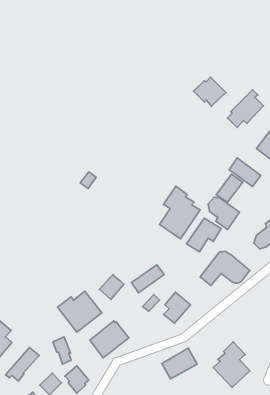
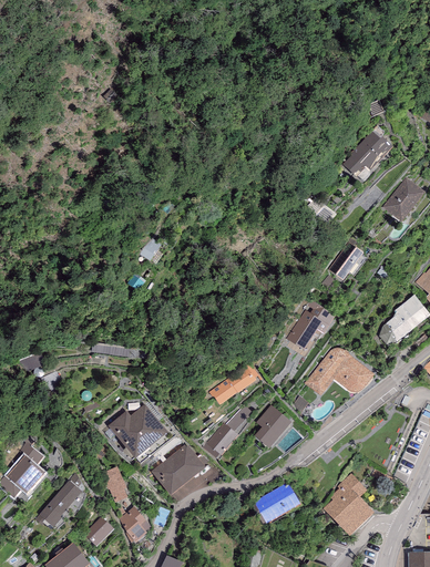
building: [193,77,226,106] -> none
building: [229,158,261,187] -> none
building: [159,186,200,239] -> none
building: [208,197,240,230] -> none
building: [100,275,124,299] -> [205,422,238,456]

